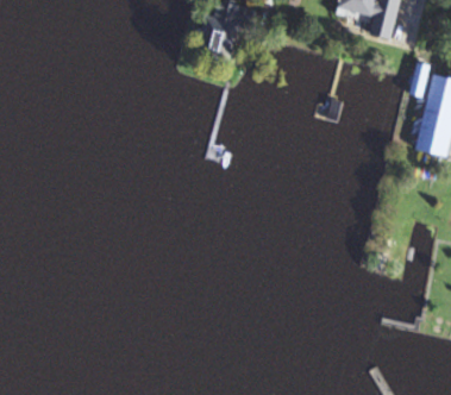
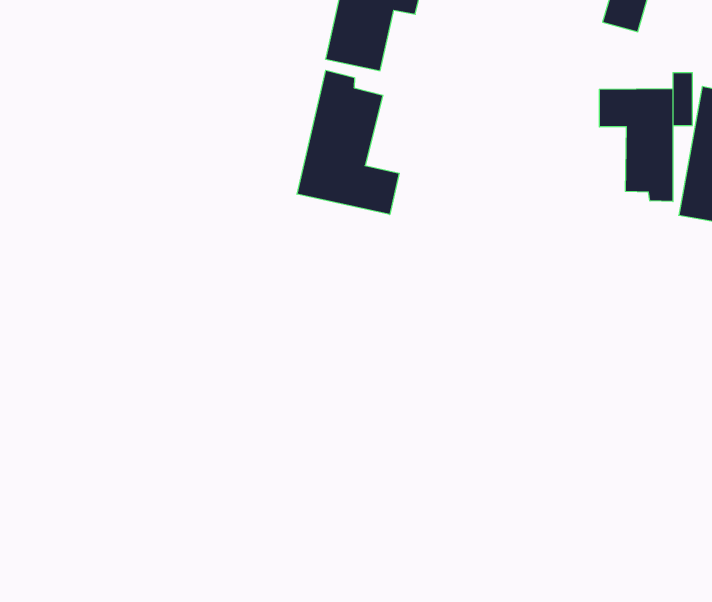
building: none -> [297,70,399,215]
building: none -> [599,88,673,202]

